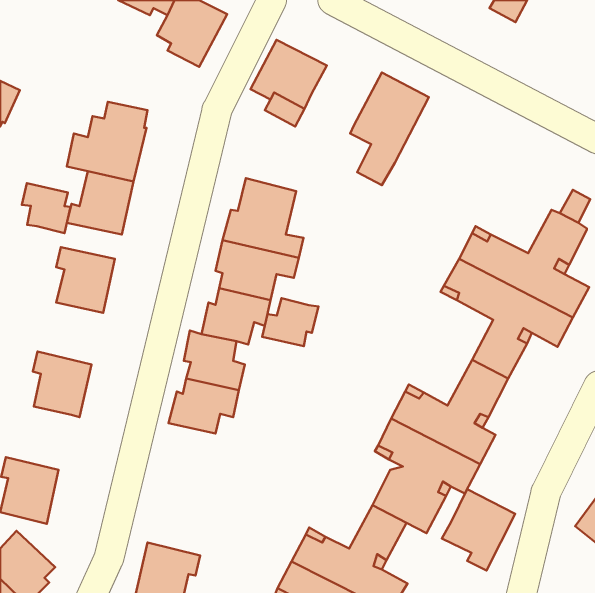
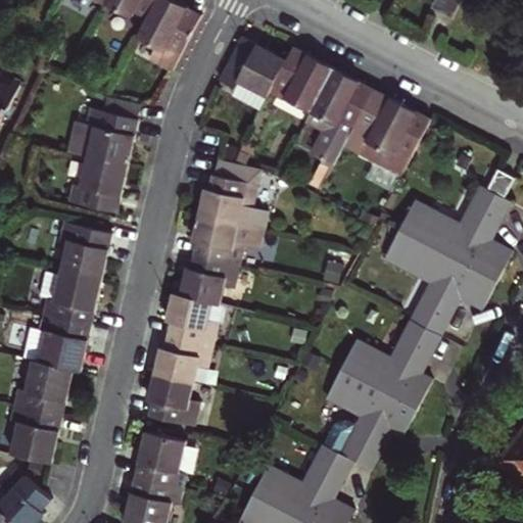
building: none -> [275,47,336,114]
building: none -> [347,90,436,178]
building: [22,183,70,233] -> none
building: [262,298,319,346] -> none
building: none -> [36,269,93,323]
building: none -> [8,358,65,415]
building: none -> [144,374,198,426]
building: none -> [132,431,202,489]
building: [442,489,515,570] -> none

